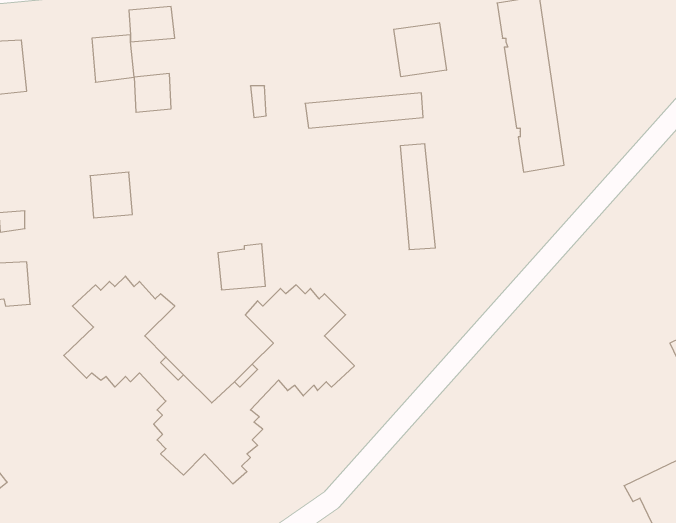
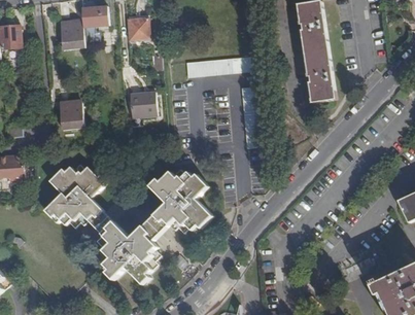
building: [394,23,446,77] -> none
building: [134,74,171,112] -> [127,16,148,39]
building: [218,244,265,290] -> [129,91,157,117]

